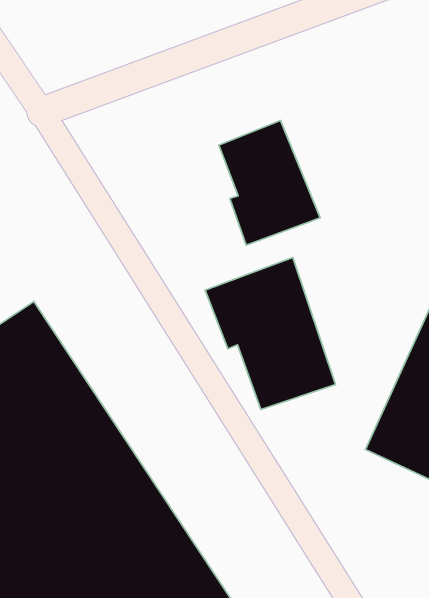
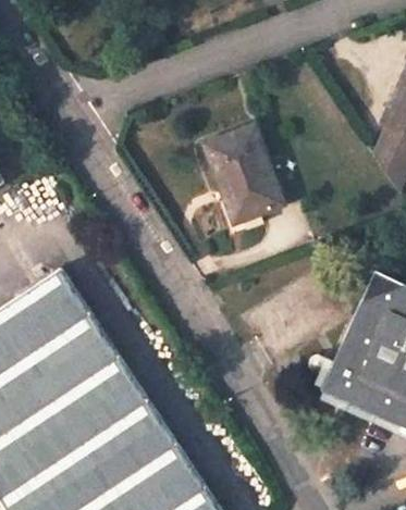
building: [205,258,335,410] -> none

